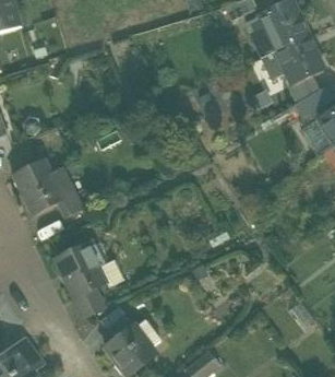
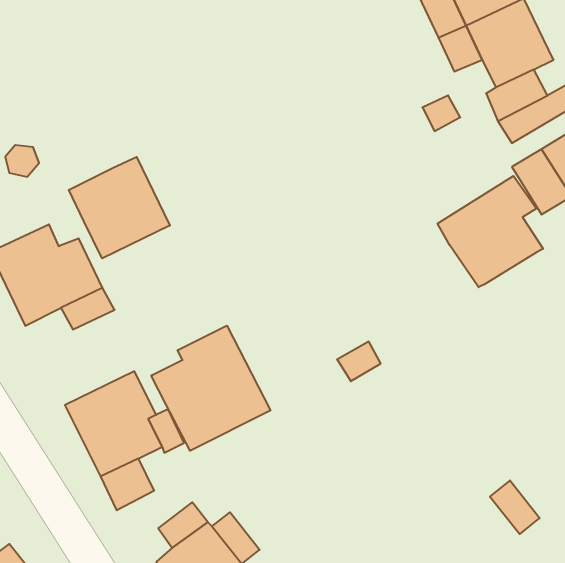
building: none -> [69,157,170,258]
building: none -> [438,176,543,287]
building: none -> [151,326,270,451]

